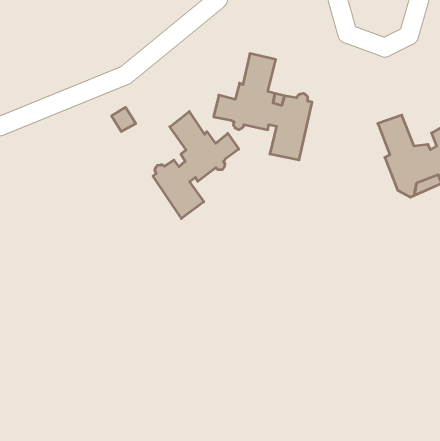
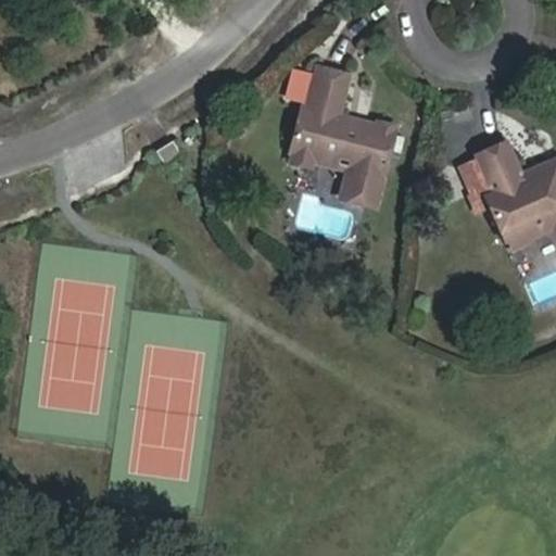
building: [153,111,239,219] -> none

